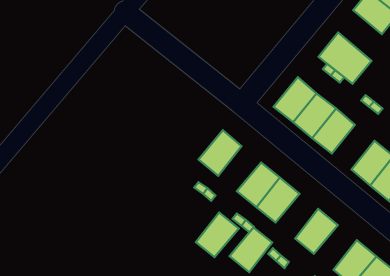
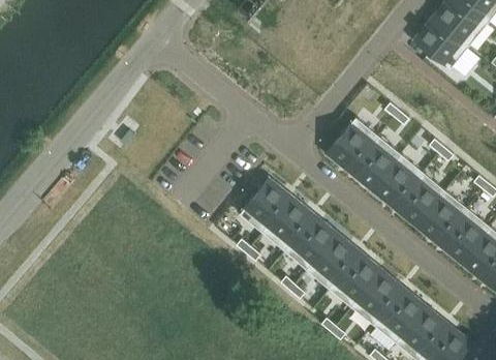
building: [318,32,371,84] -> none
building: none -> [395,173,444,224]
building: [196,213,239,257] -> [264,198,313,249]
building: none -> [374,289,424,340]
building: [229,227,272,272] -> [330,252,379,304]

